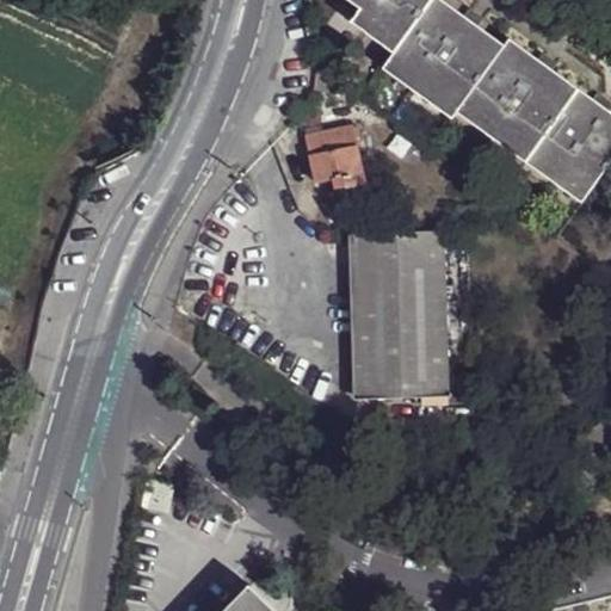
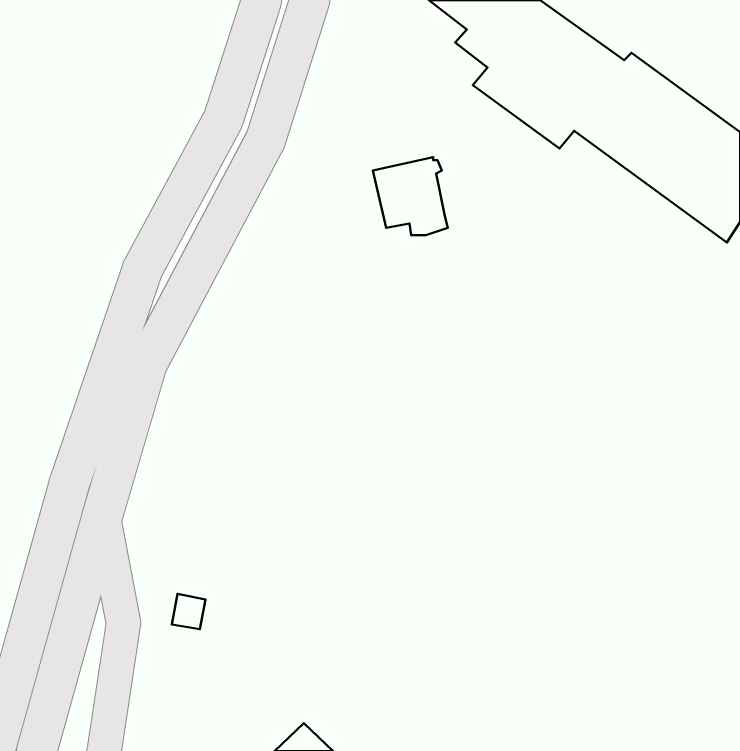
building: [350,237,444,402] -> none

